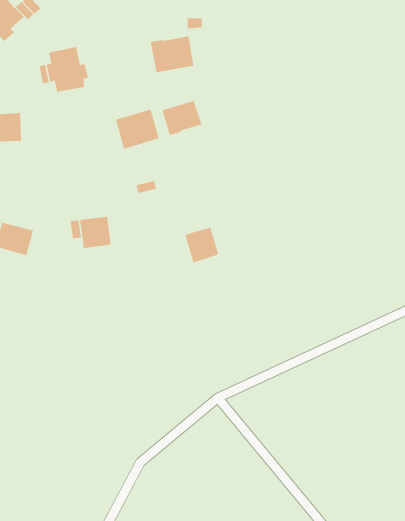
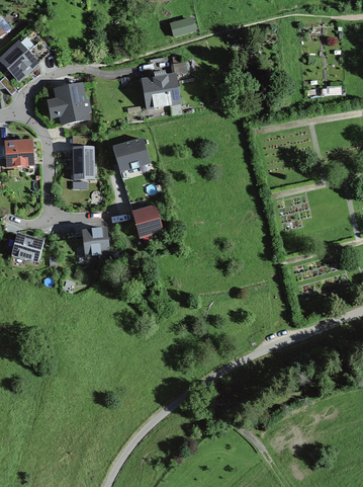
building: [162,100,202,136] -> none
building: none -> [74,147,95,179]
building: [185,227,219,263] -> [132,206,162,236]

